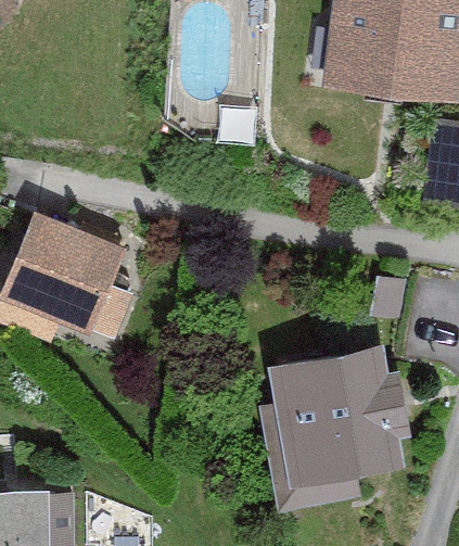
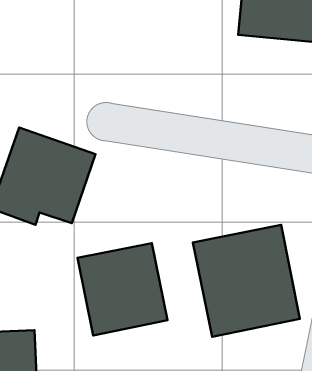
building: none -> [78,243,167,336]

